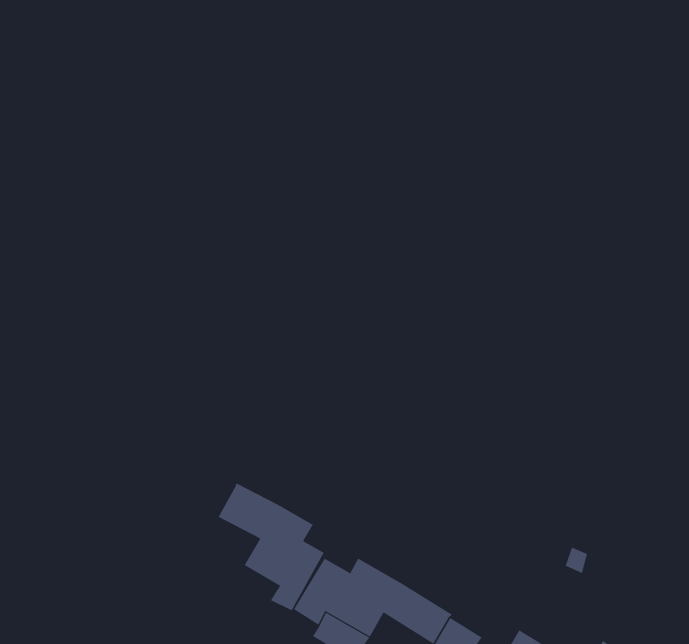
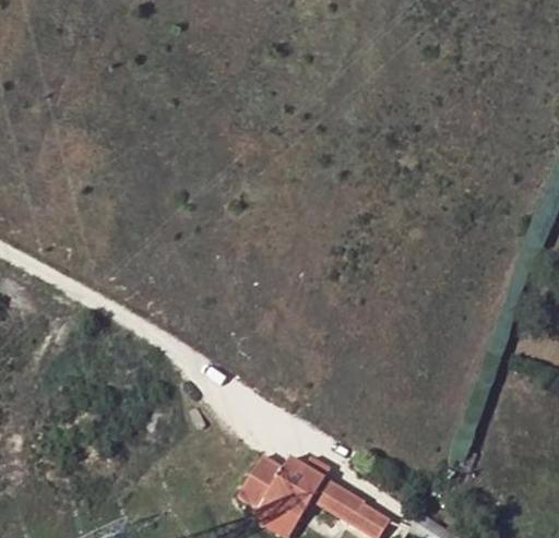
building: [218,483,324,611] -> none

